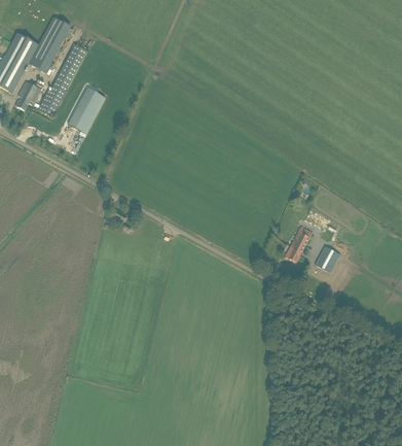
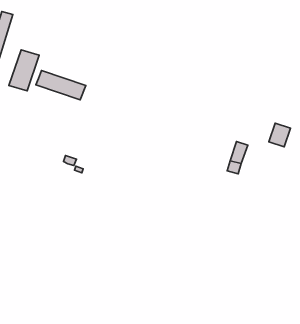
building: none -> [36,71,86,100]
building: [314,245,339,272] -> [269,123,291,147]

